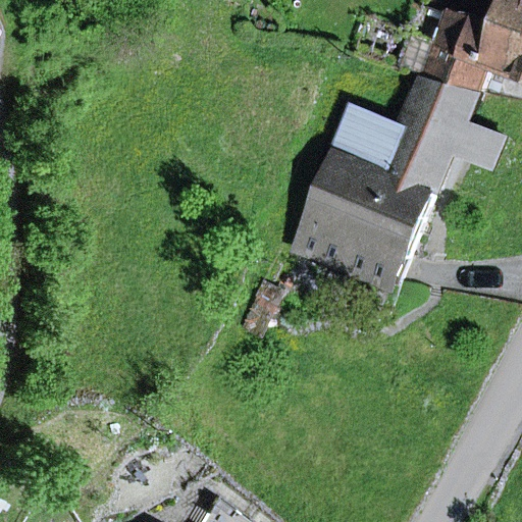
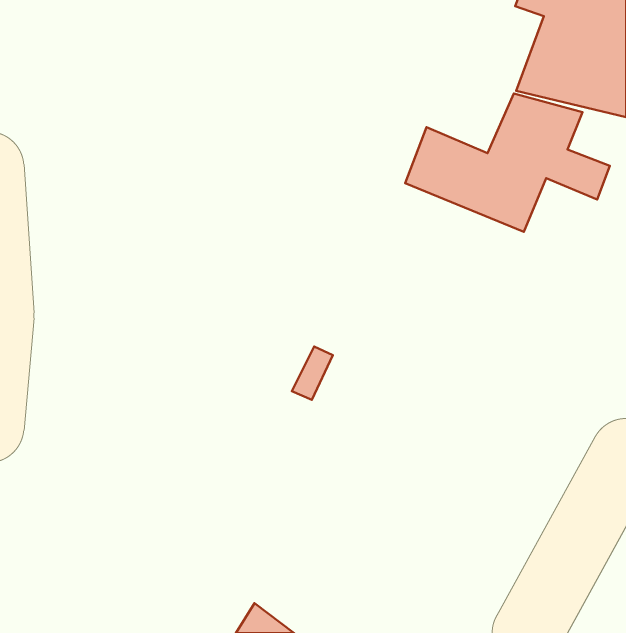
building: [294,150,428,284] -> none

